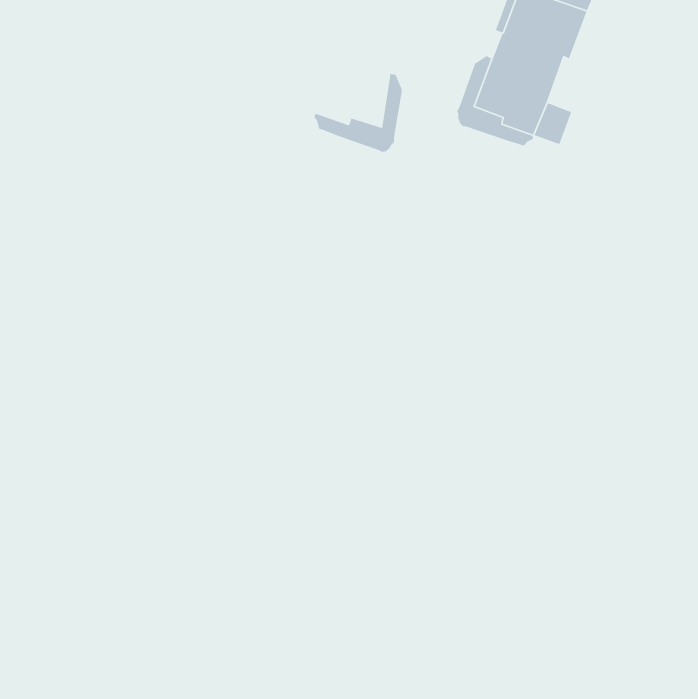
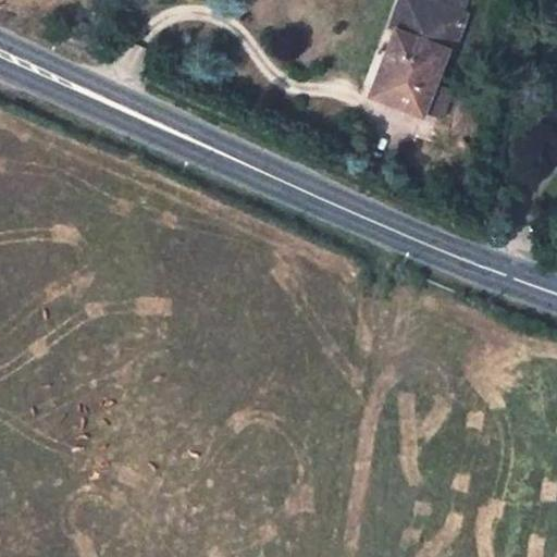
building: [313,73,403,153] -> none

